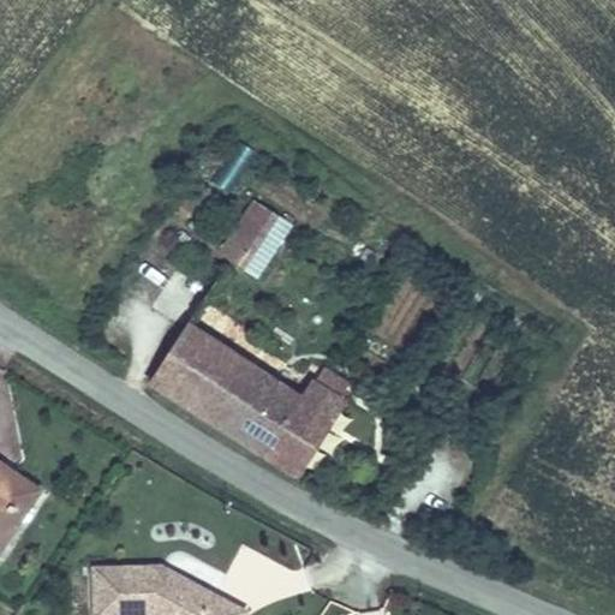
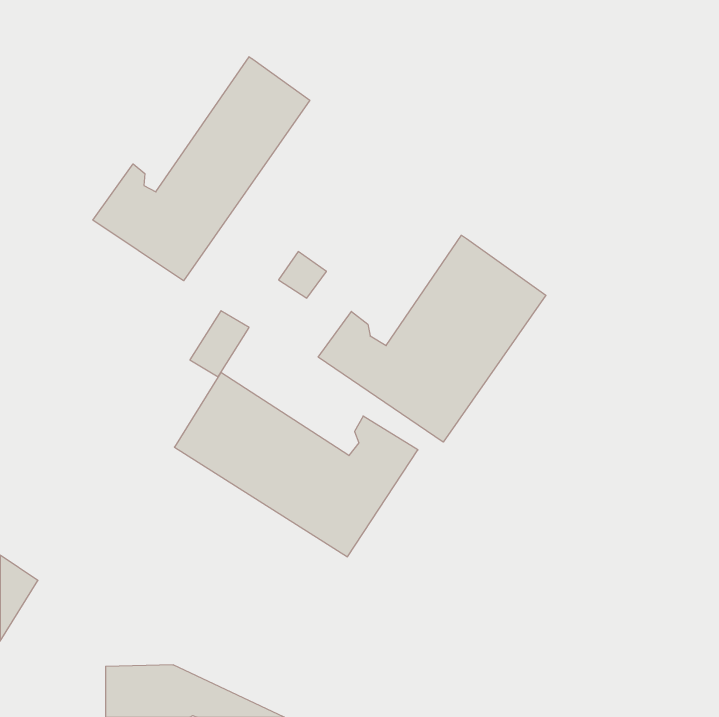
building: none -> [93,57,310,281]
building: none -> [318,235,546,442]

